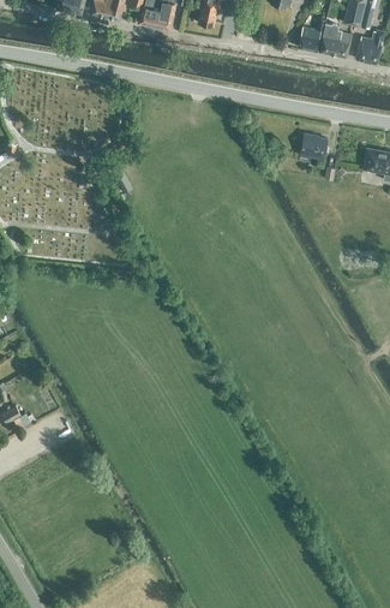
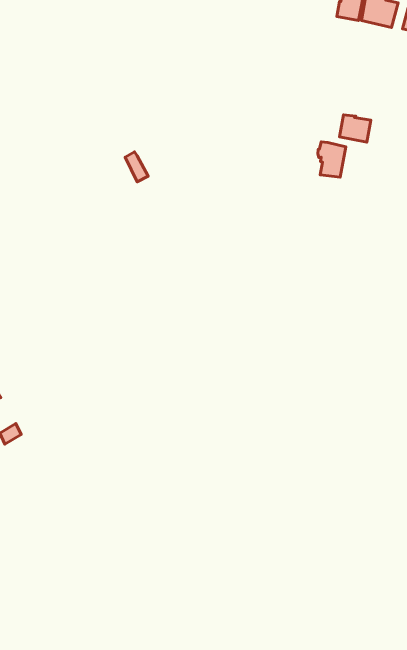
building: none -> [318,142,346,177]

